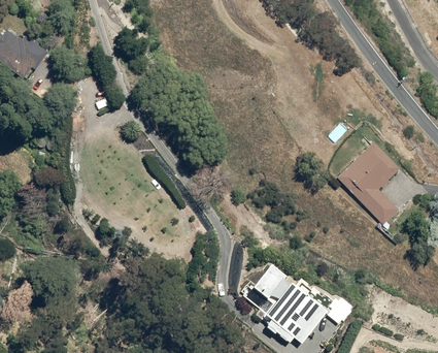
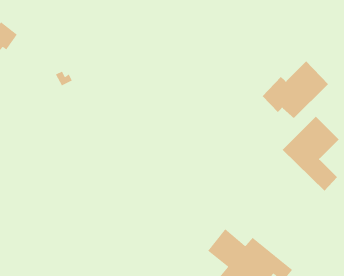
building: none -> [262,61,329,119]

